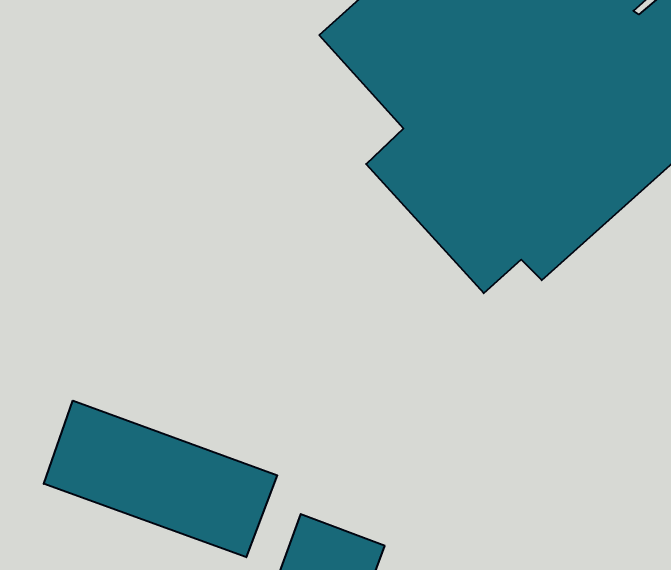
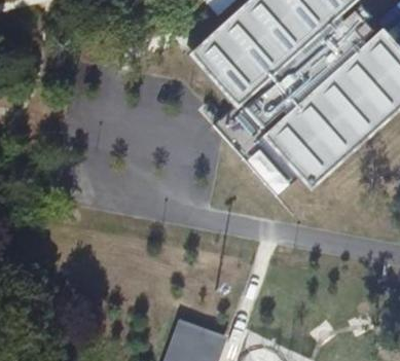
building: [44,401,277,557] -> none

